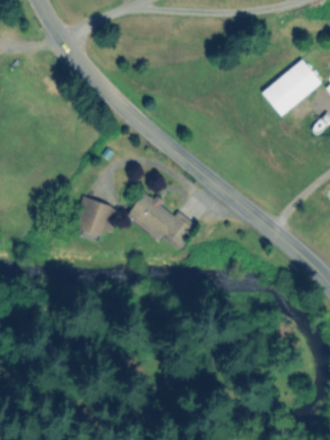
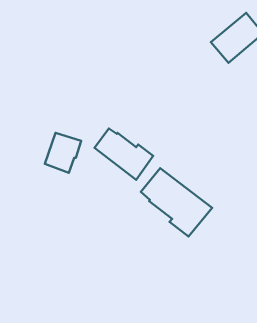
building: none -> [141,168,212,236]

